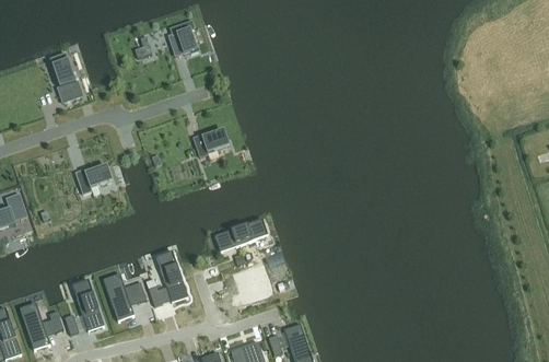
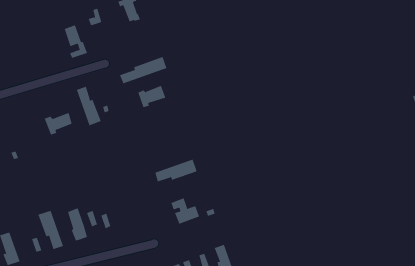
building: [52,59,82,101] -> [64,24,88,59]
building: none -> [119,56,167,84]
building: none -> [76,86,102,126]
building: [156,253,187,300] -> none

